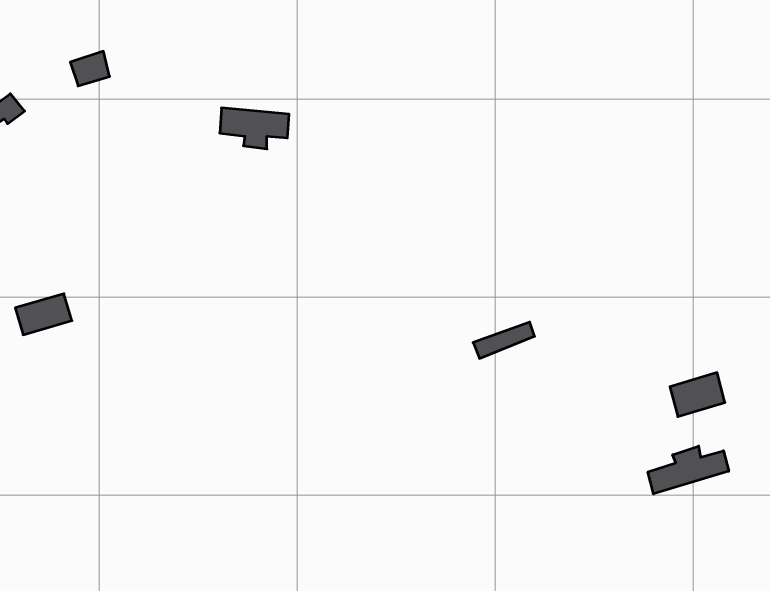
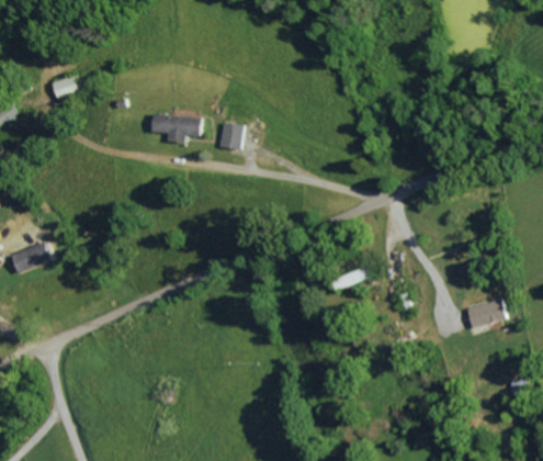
building: none -> [219,123,242,150]
building: [648,446,729,494] -> none

